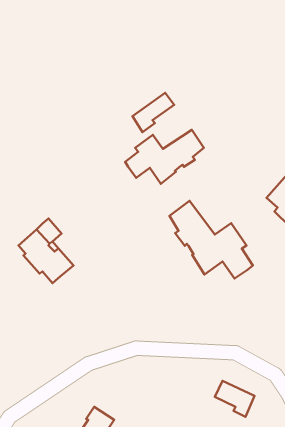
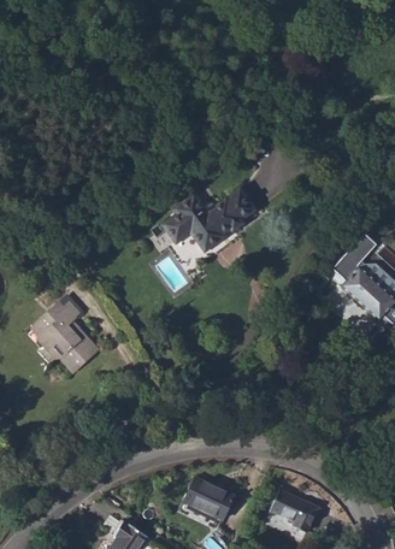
building: [132,93,174,132] -> none
building: [170,201,253,279] -> none
building: none -> [184,477,235,520]

